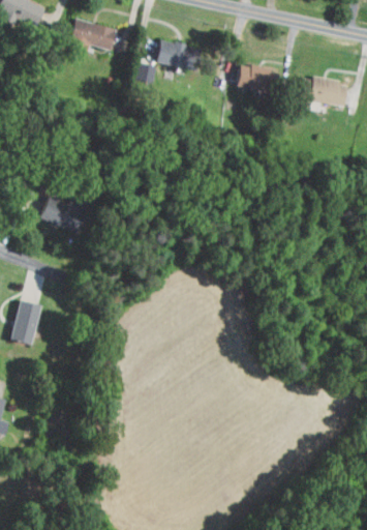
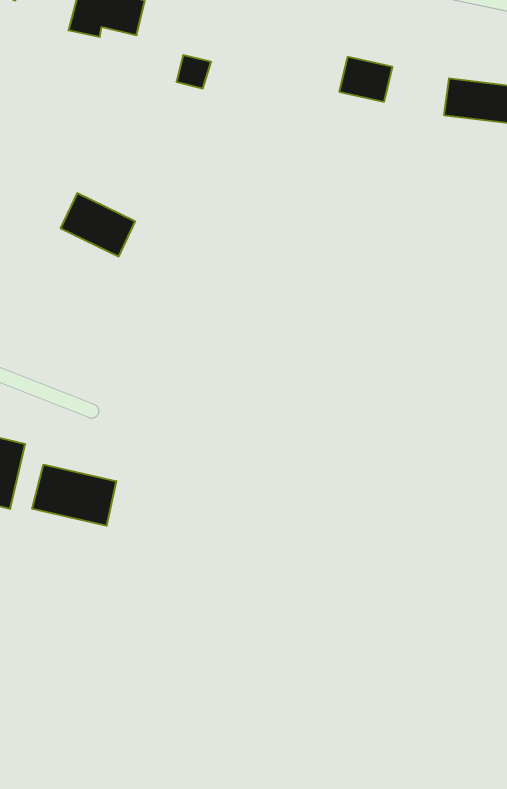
building: [157,40,191,66] -> none
building: [39,197,86,236] -> [61,193,135,256]
building: none -> [32,465,116,526]

